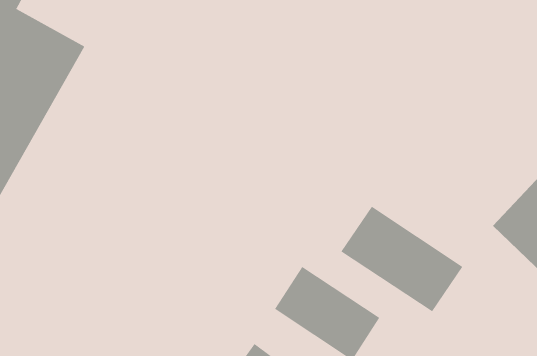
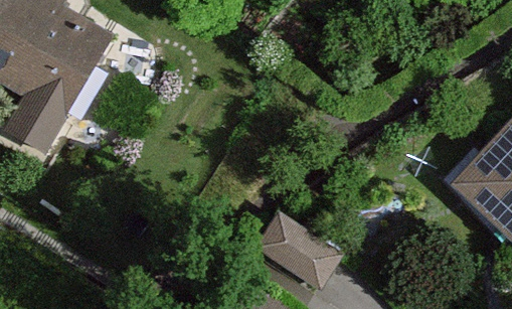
building: [341,206,463,312] -> none

